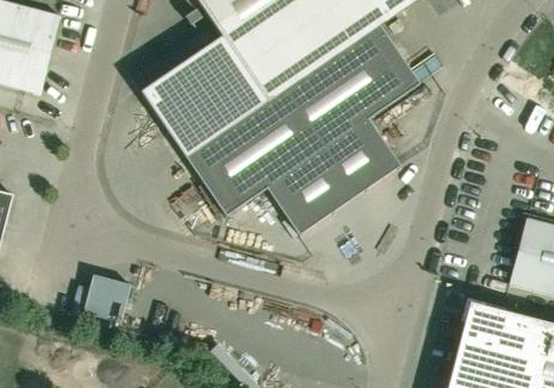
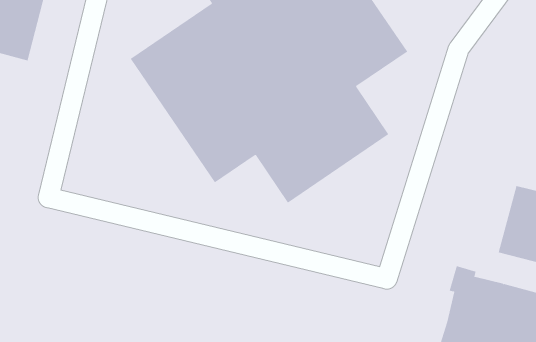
building: [83,269,129,314] -> none

